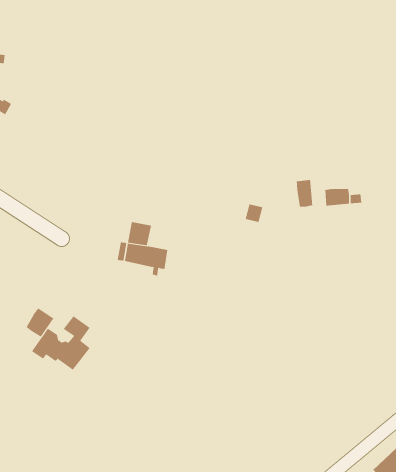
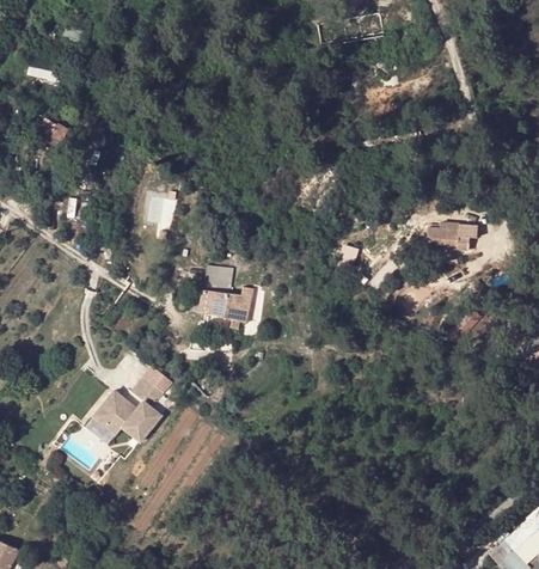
building: [296,179,313,207] -> none
building: [26,308,54,337] -> none

